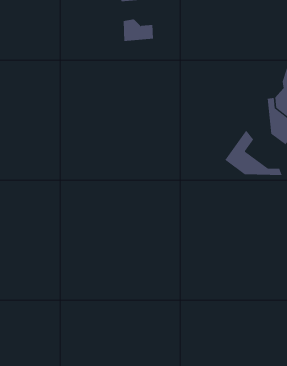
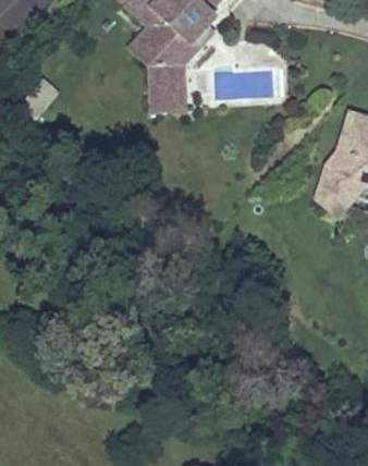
building: [225,130,282,176] -> none

